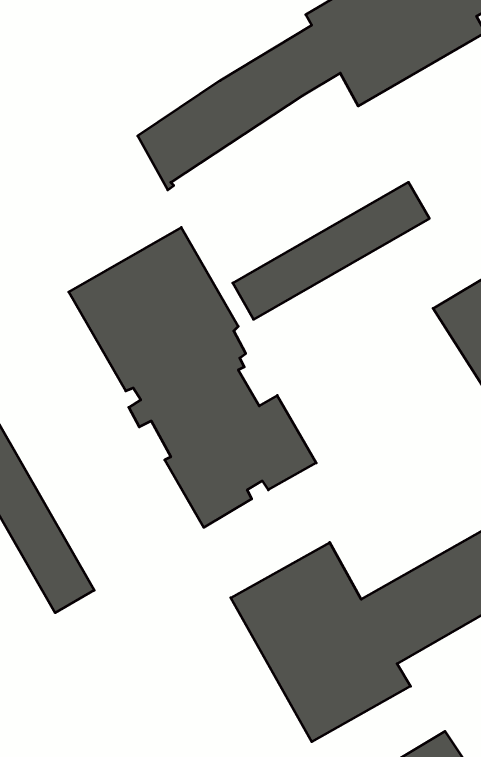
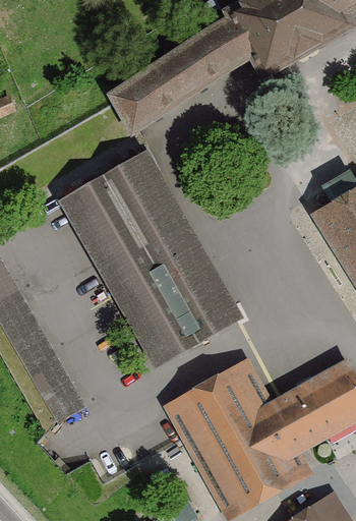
building: [233,182,429,319] -> none

